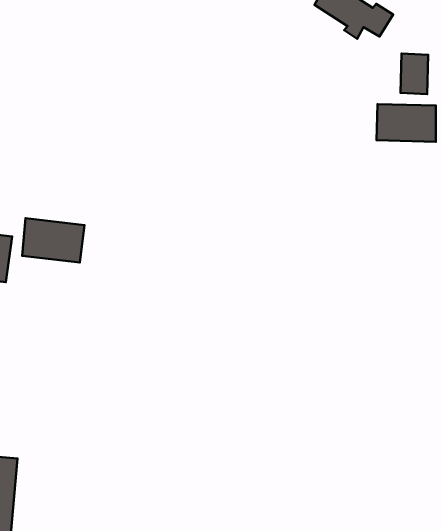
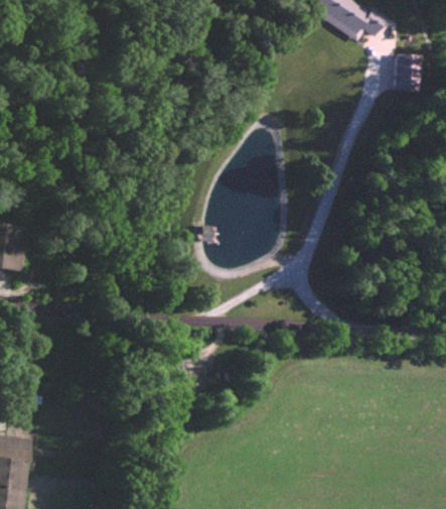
building: [377,104,436,142] -> none
building: [22,218,84,263] -> none

